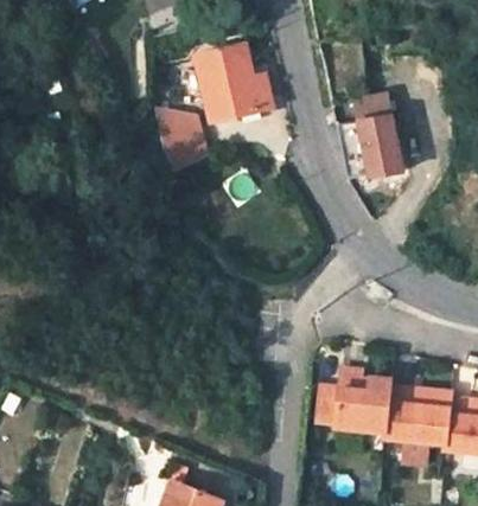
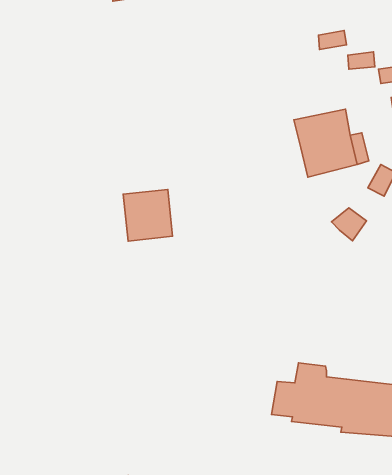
building: [200,45,274,119] -> none
building: [158,105,208,158] -> [123,189,173,241]

